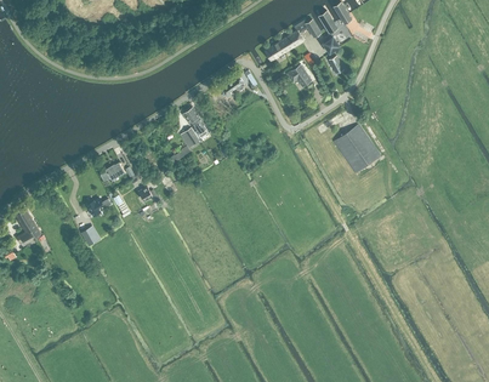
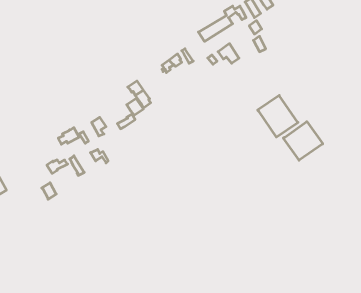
building: none -> [283,122,323,160]

